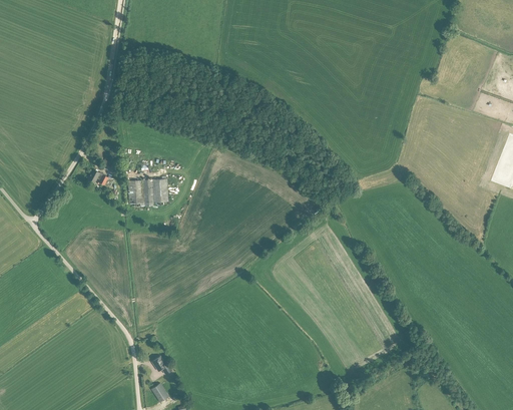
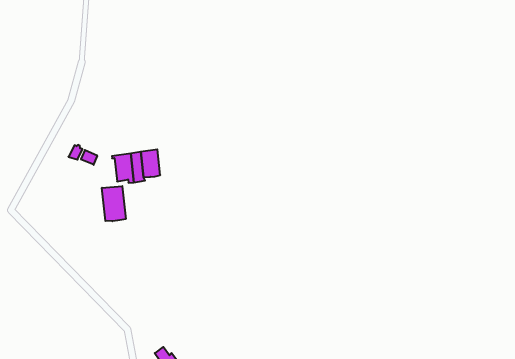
building: none -> [102,186,126,221]

